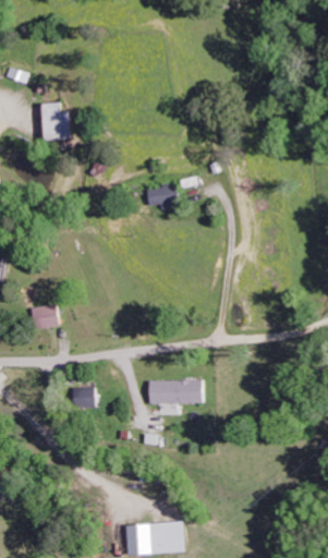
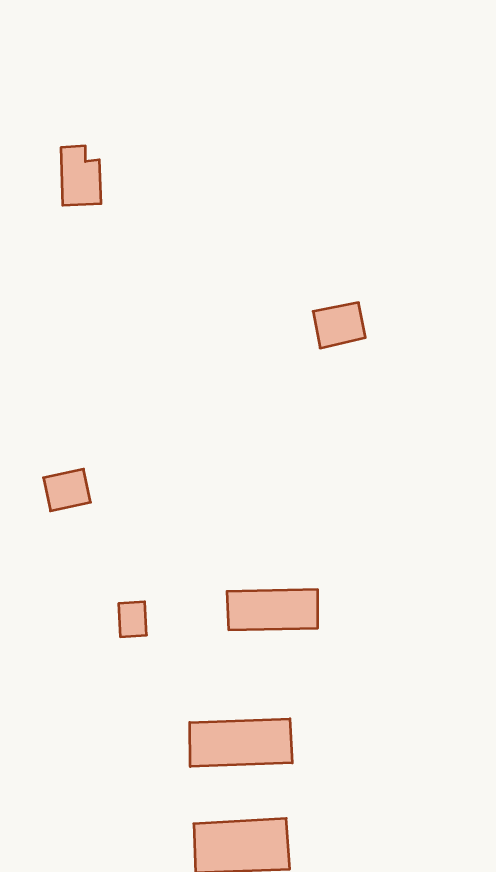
building: [145,183,178,211] -> [313,303,365,348]
building: none -> [190,719,292,767]

